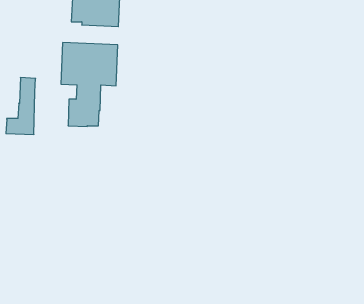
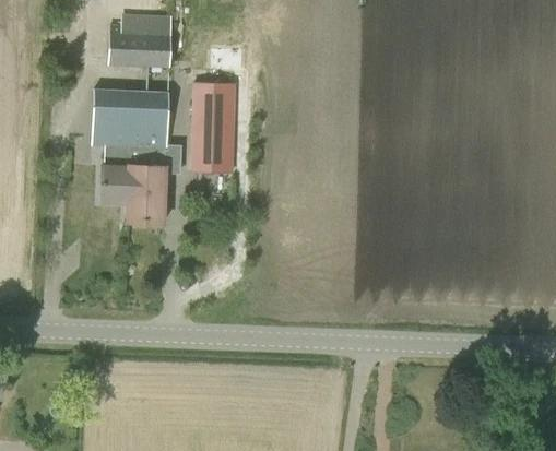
building: none -> [192,83,236,173]
building: [6,78,36,134] -> [127,147,167,225]

